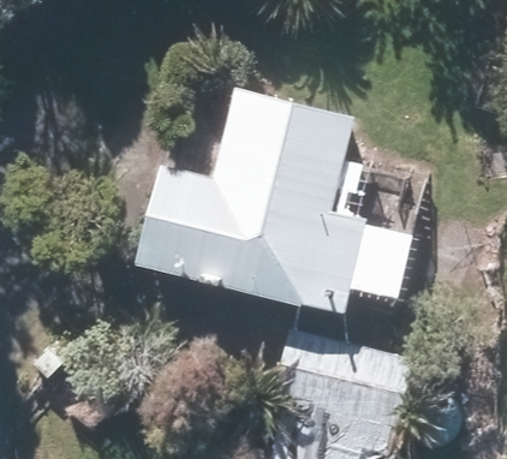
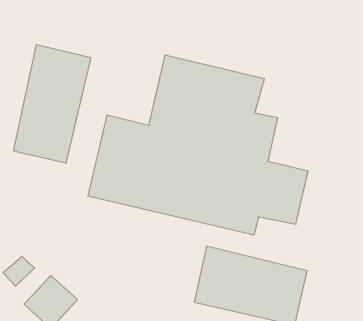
building: none -> [14,45,91,163]

